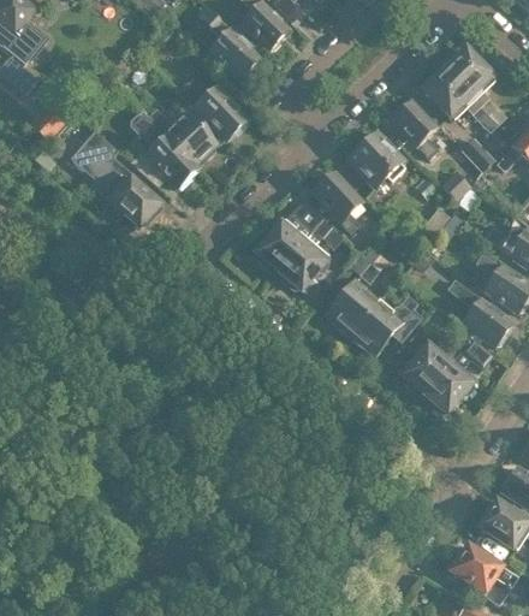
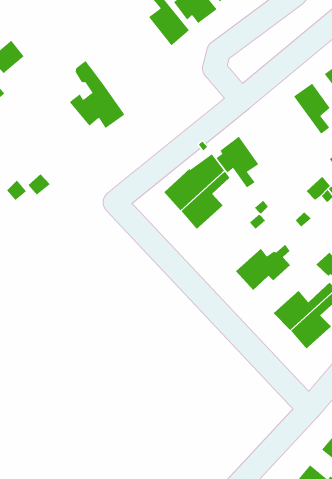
building: [178,79,245,138] -> none
building: [150,109,215,164] -> none
building: [69,129,159,226] -> none
building: [350,132,405,188] -> none
building: [327,280,378,332] -> none

